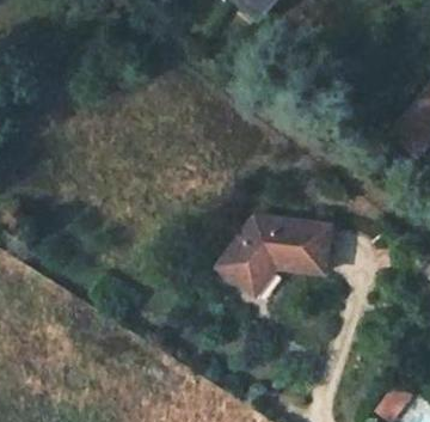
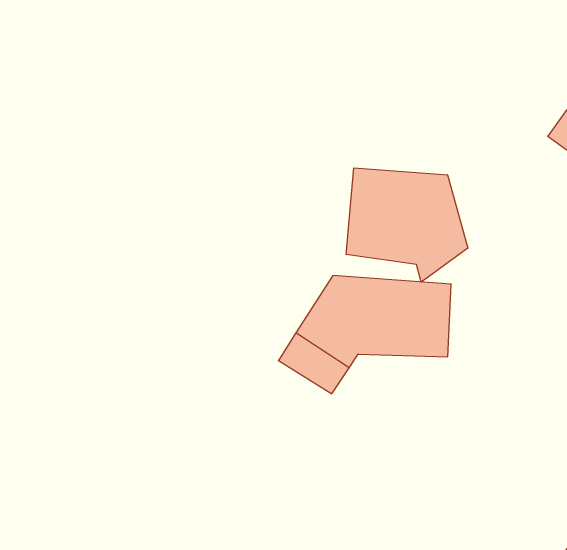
building: none -> [346,168,468,282]

